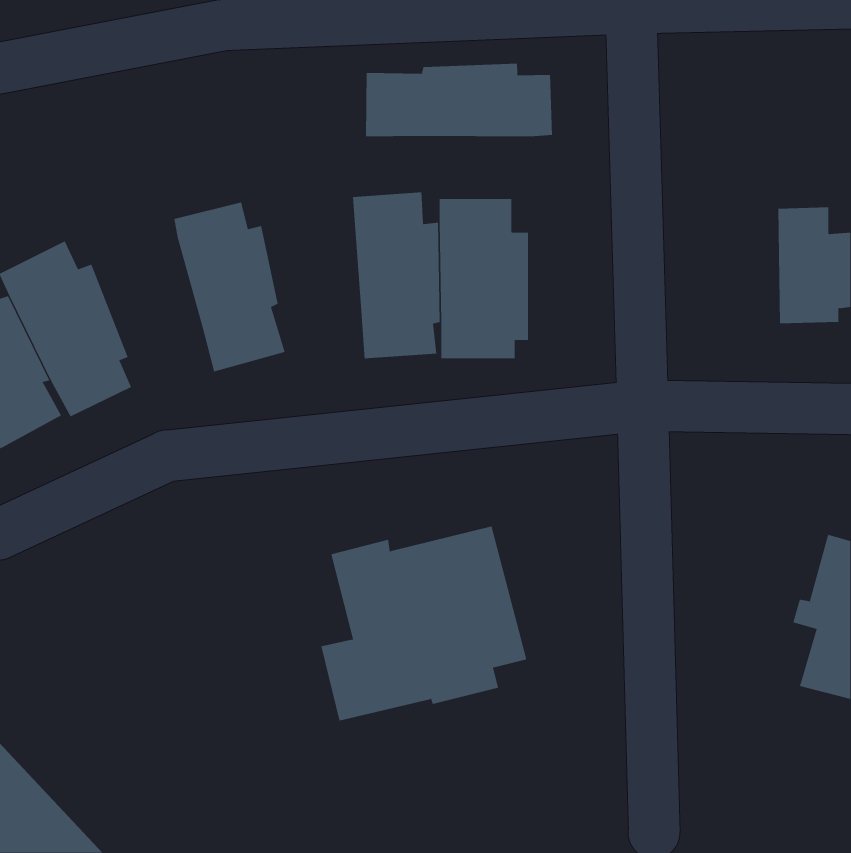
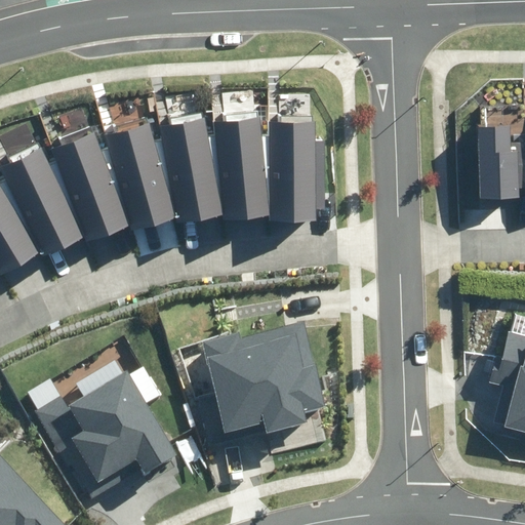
building: [366,63,553,137] -> none
building: none -> [159,118,221,223]
building: none -> [51,131,128,240]
building: none -> [36,371,177,498]

